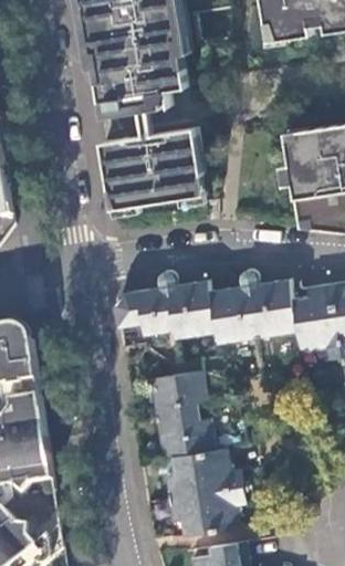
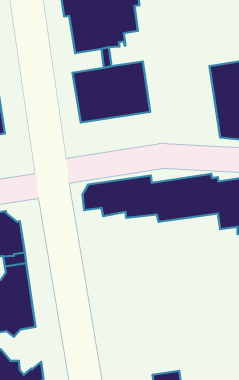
building: [147,366,243,533] -> none

